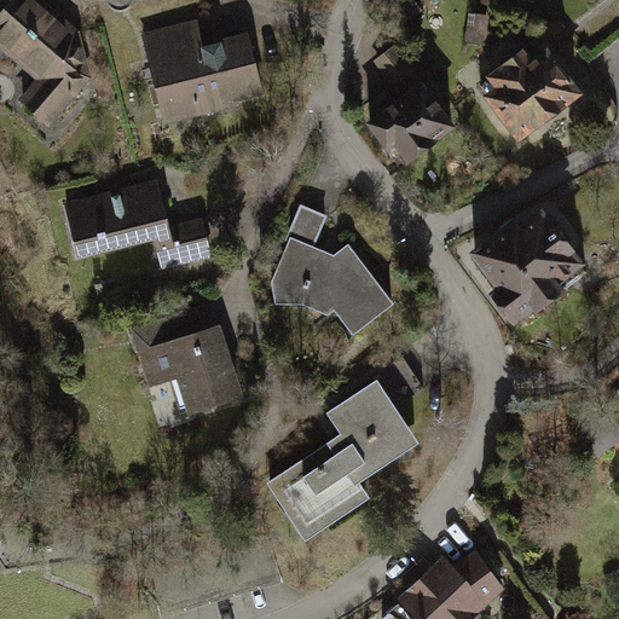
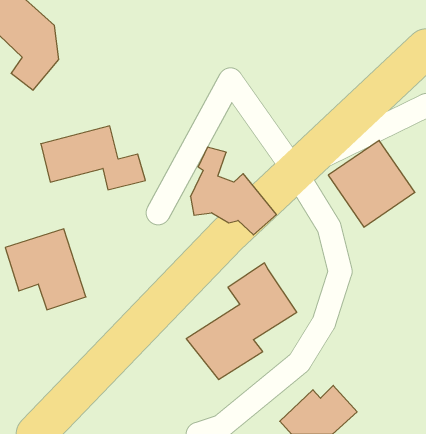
building: [133,22,258,126] -> none
building: [354,50,456,164] -> none
building: [485,50,588,147] -> none
building: [129,305,244,420] -> [5,229,86,310]

